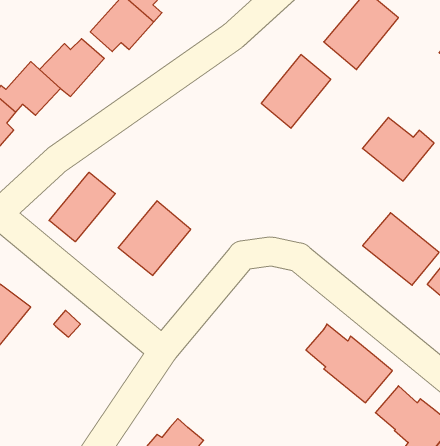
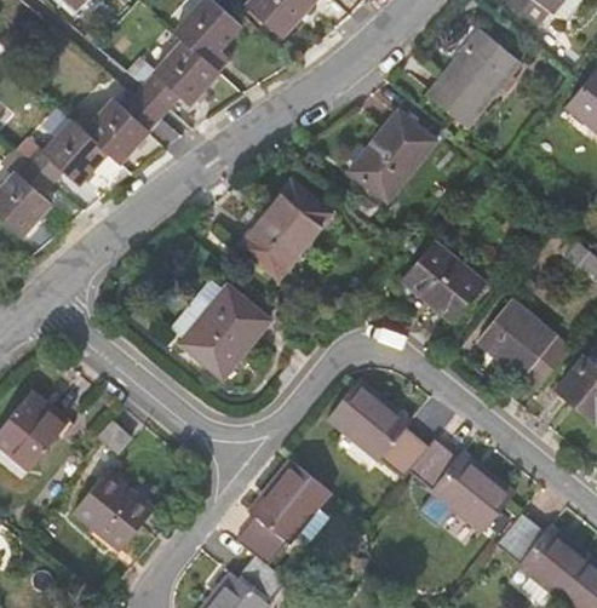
building: none -> [239,179,332,276]
building: [362,117,434,181] -> [403,245,490,322]
building: [49,172,115,242] -> none
building: none -> [323,375,430,477]
building: none -> [234,459,327,563]
building: none -> [75,470,155,549]

